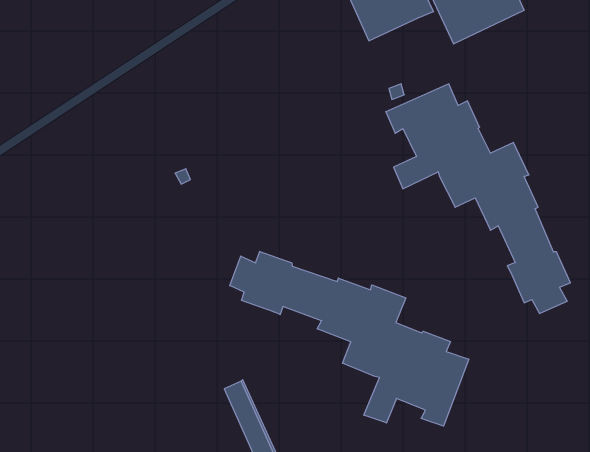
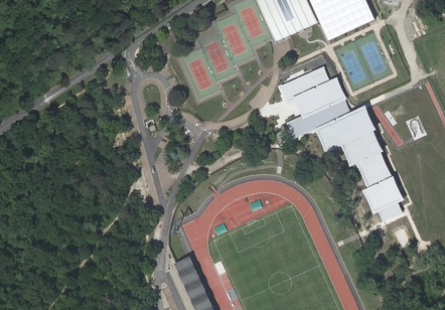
building: [230,251,469,426] -> none

